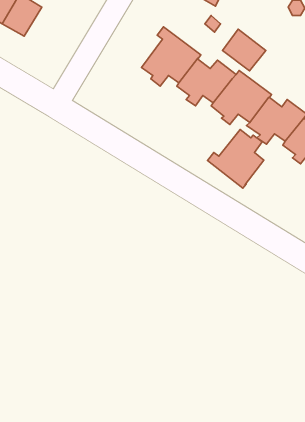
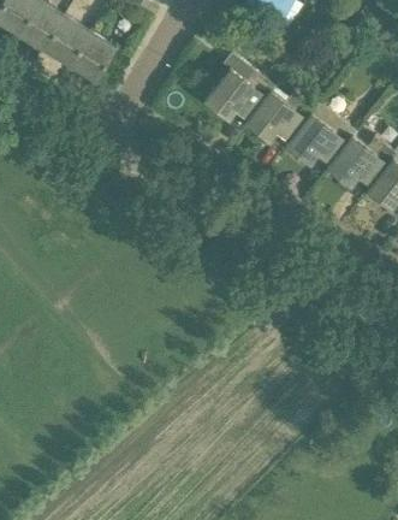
building: none -> [69,31,115,81]
building: [222,29,266,71] -> none
building: [208,129,264,188] -> none

